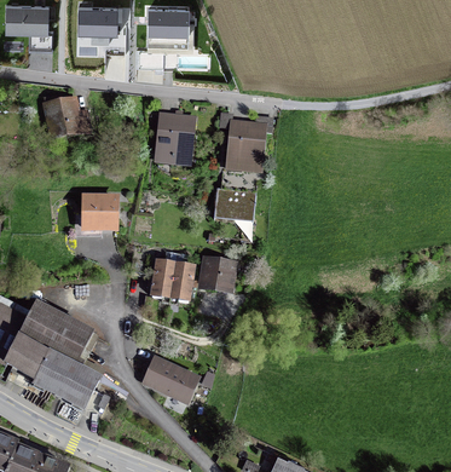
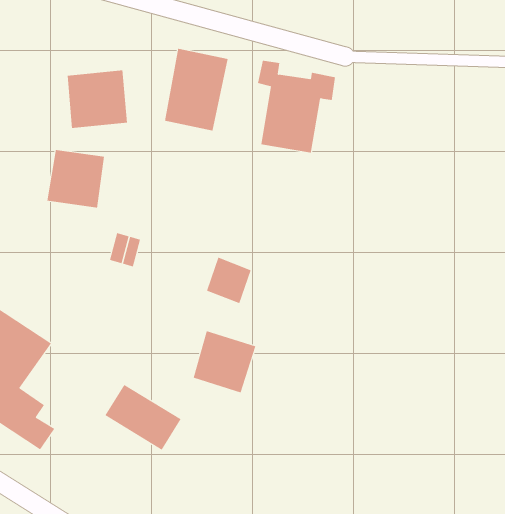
building: [44,92,92,139] -> [67,70,128,129]
building: [213,190,255,224] -> none
building: [151,257,193,298] -> [193,331,256,393]

